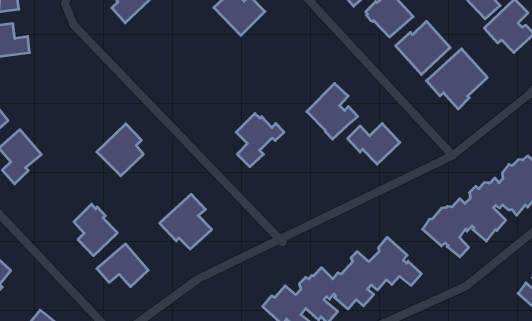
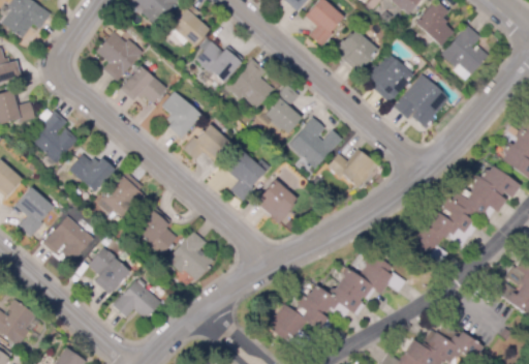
building: none -> [121,65,166,103]
building: none -> [227,58,274,108]
building: none -> [162,91,200,136]
building: none -> [266,84,303,132]
building: none -> [30,110,76,161]
building: none -> [183,123,232,162]
building: none -> [69,154,115,191]
building: none -> [255,179,297,223]
building: none -> [43,215,93,262]
building: none -> [135,207,178,254]

